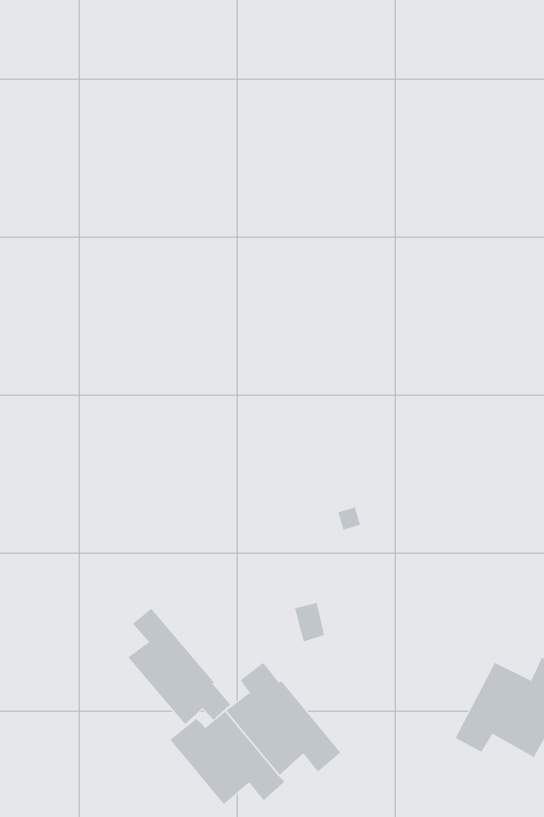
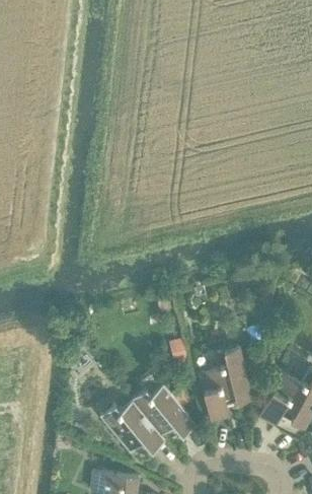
building: [128,608,231,725] -> none
building: none -> [199,347,251,420]

